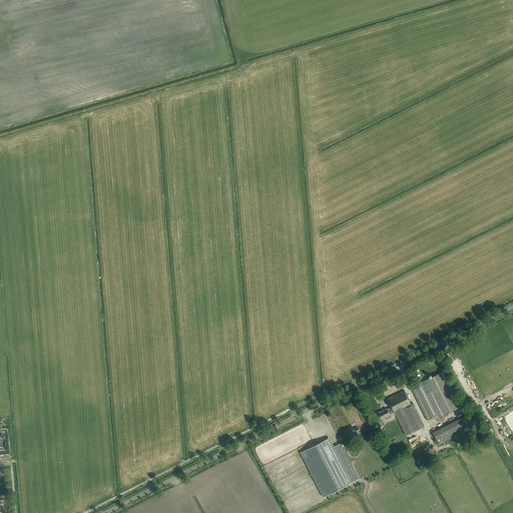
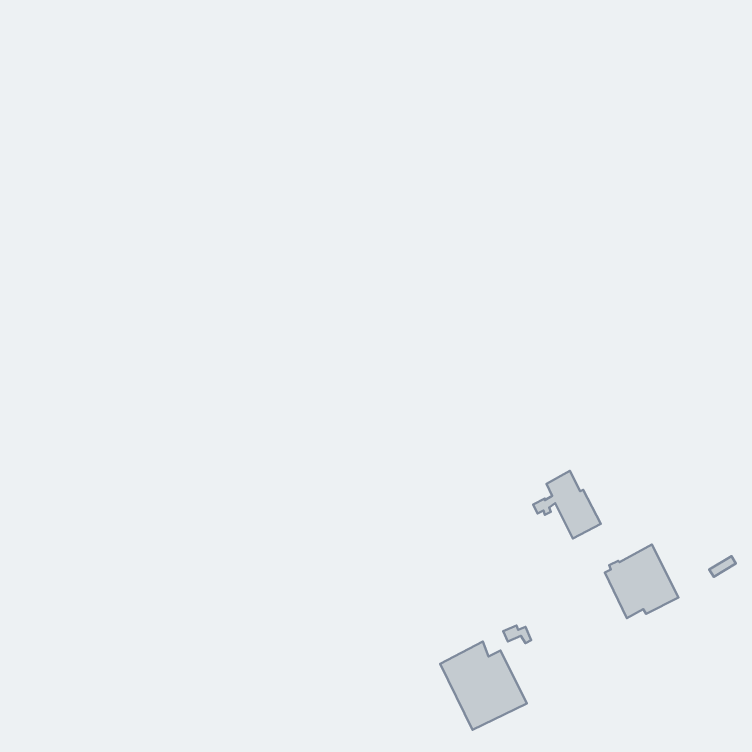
building: [379,390,425,436] -> [533,471,601,538]
building: [432,416,471,445] -> none

